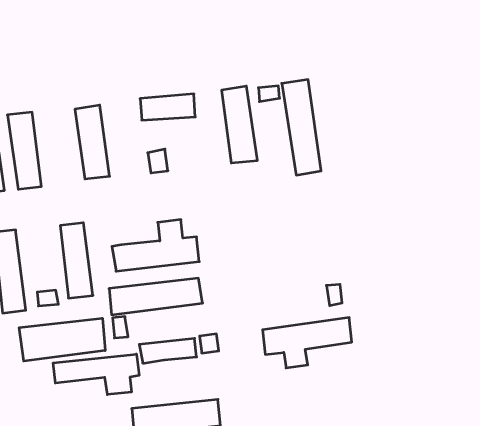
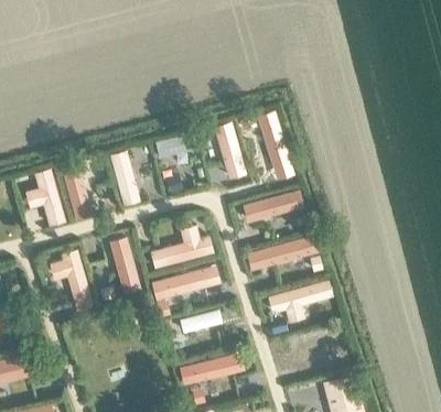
building: none -> [241,188,304,223]
building: none -> [245,235,319,271]
building: [19,318,105,361] -> none
building: [53,354,139,395] -> none

